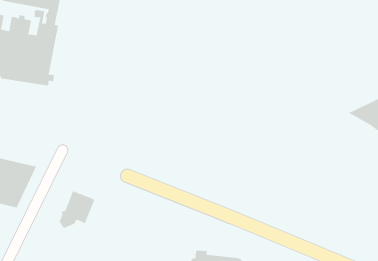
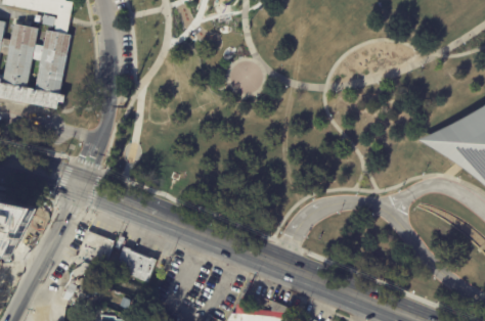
building: none -> [116,246,158,282]

